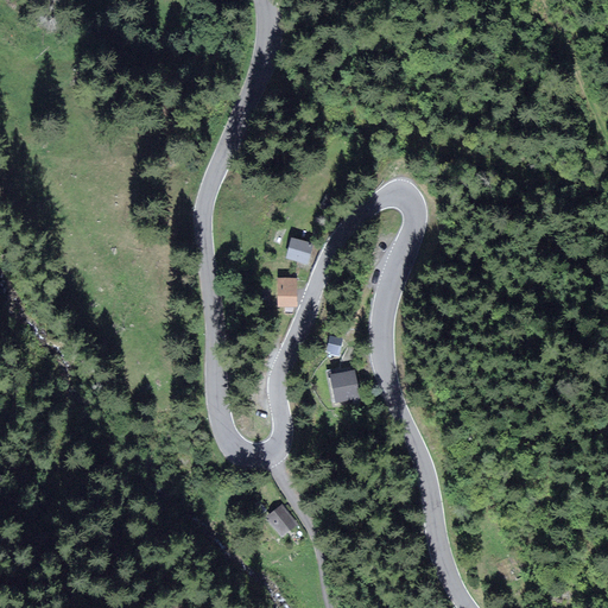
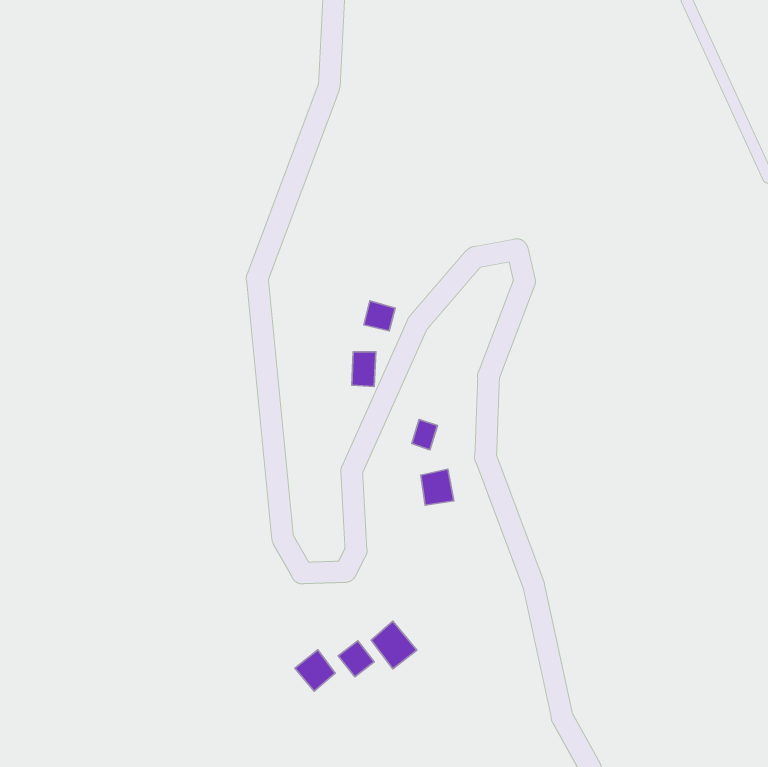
building: none -> [371,621,417,669]
building: none -> [295,650,335,691]

